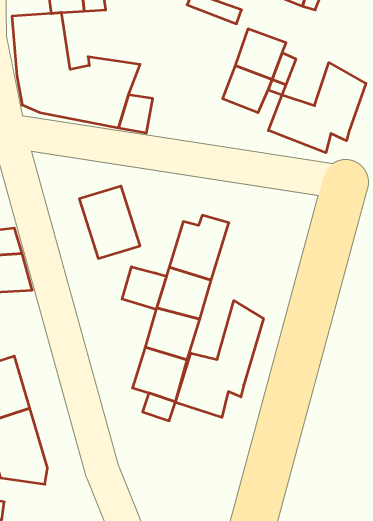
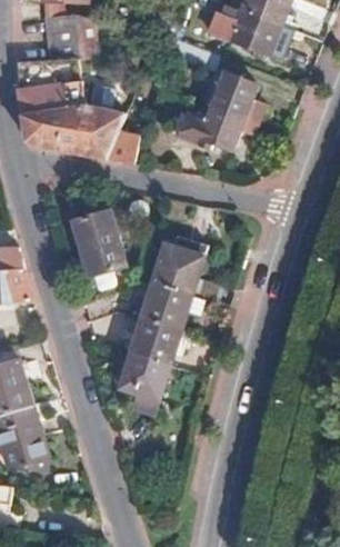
building: [268,63,366,153] -> none
building: [122,267,166,309] -> none
building: [175,301,263,417] -> none

